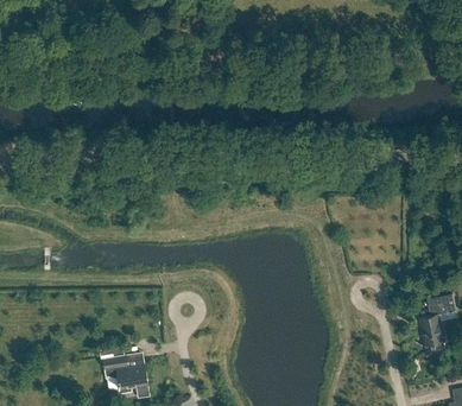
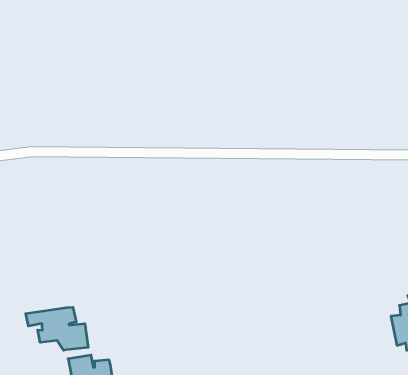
building: none -> [26,307,88,350]

